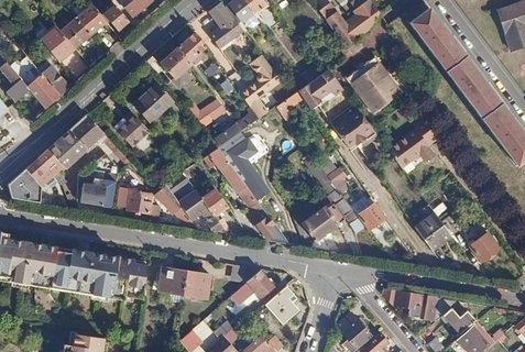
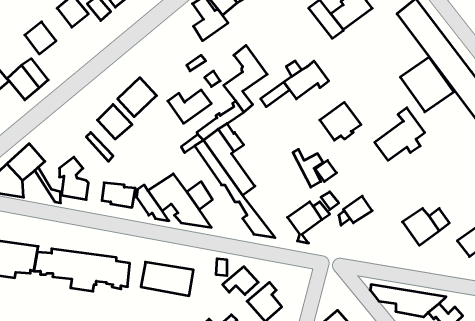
building: [59,16,89,48] -> none
building: [161,32,205,87] -> none
building: [348,57,401,111] -> [400,57,454,112]
building: [47,114,105,169] -> none

